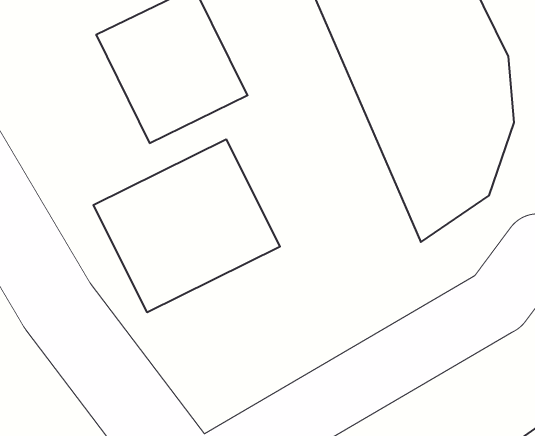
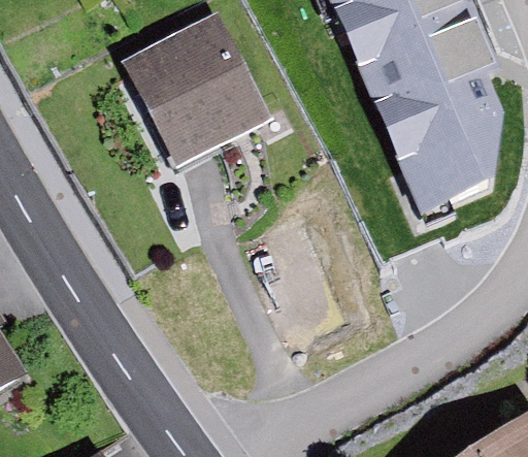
building: [93,139,280,312] -> none

